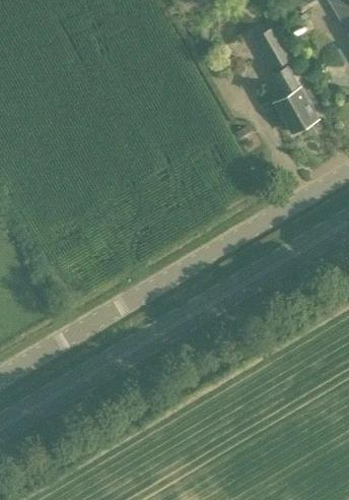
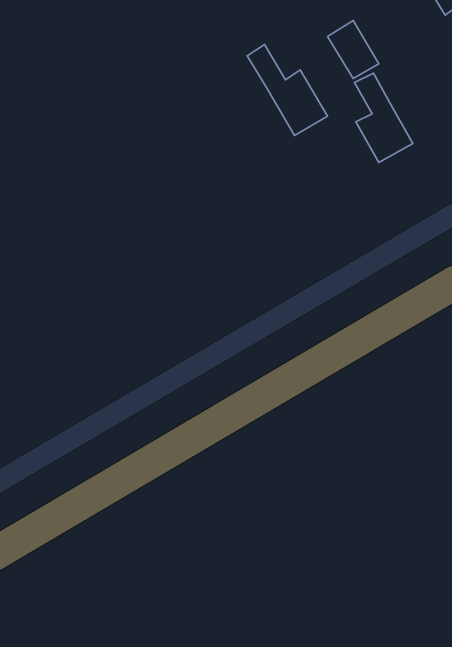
building: none -> [247,44,327,136]

